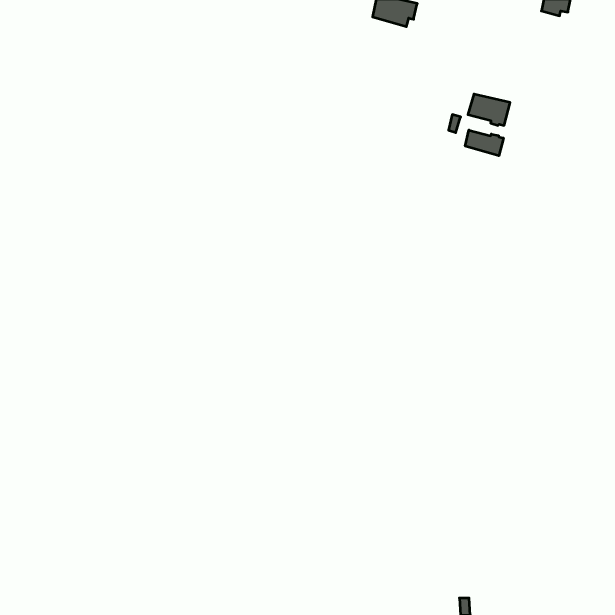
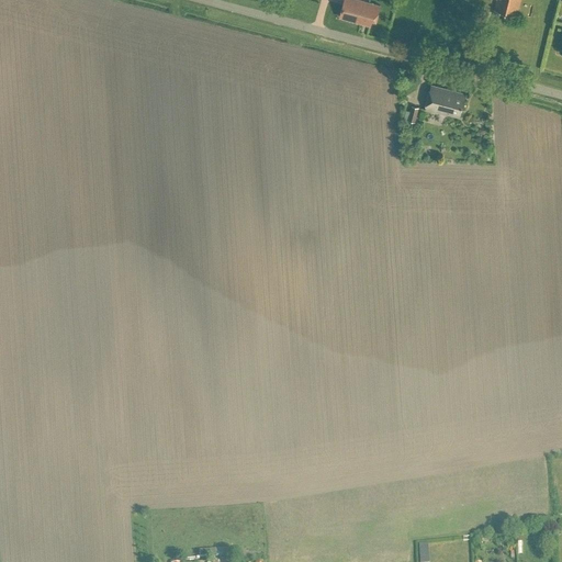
building: [465,130,503,156] -> none

